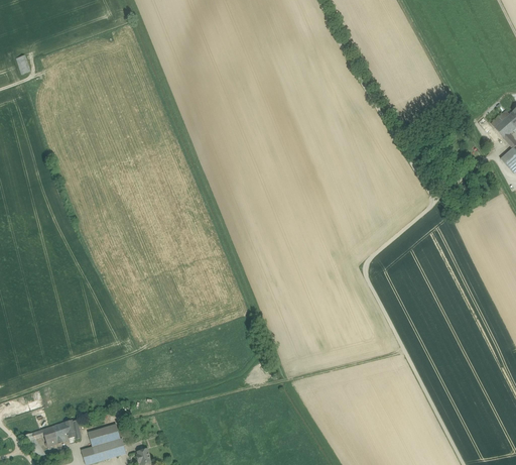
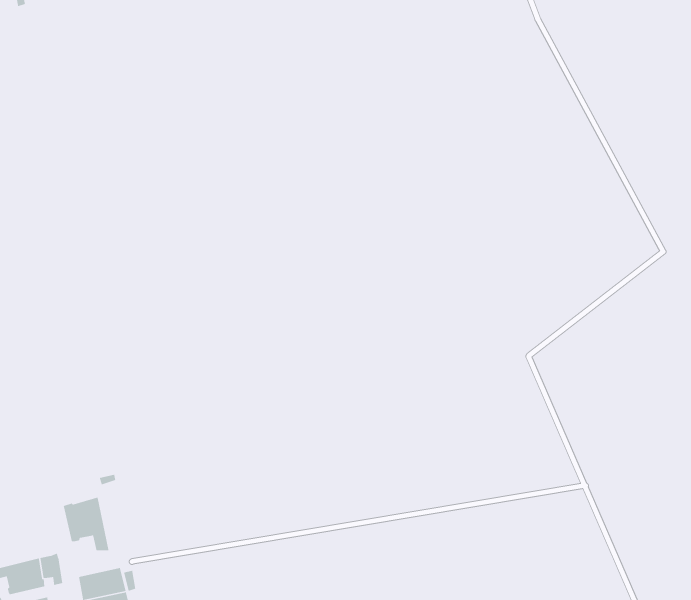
building: none -> [63,497,110,551]

